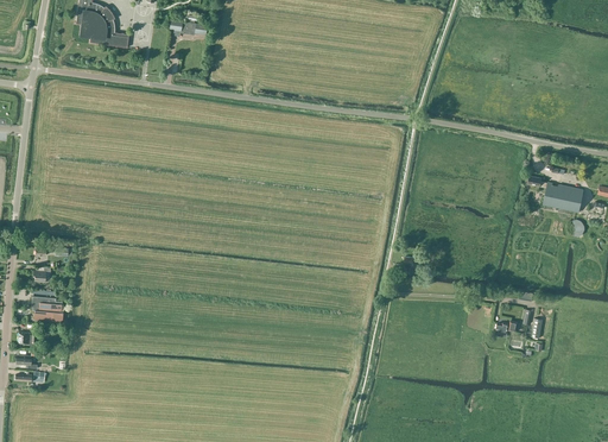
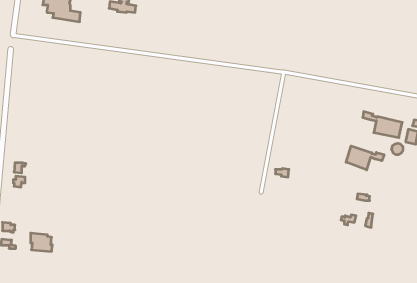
building: none -> [346,146,384,170]
building: [32,296,63,322] -> [31,233,52,251]

